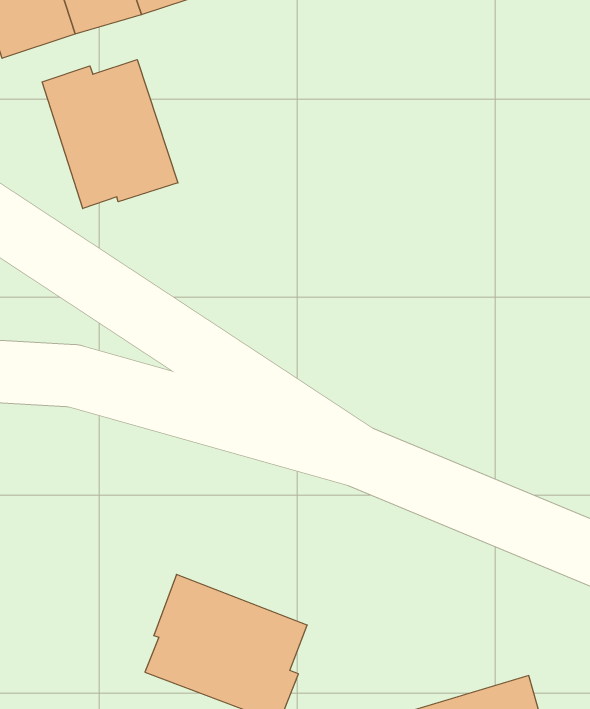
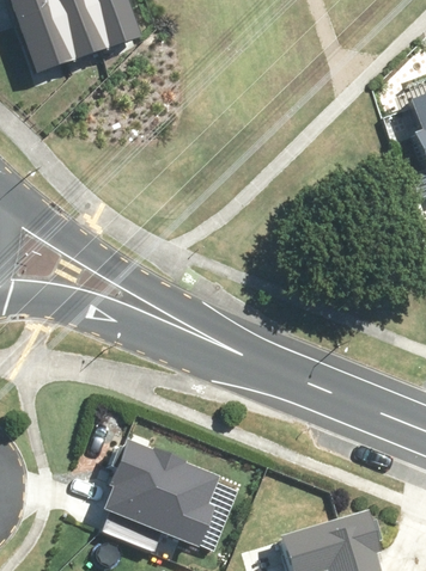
building: [42,60,178,209] -> none

